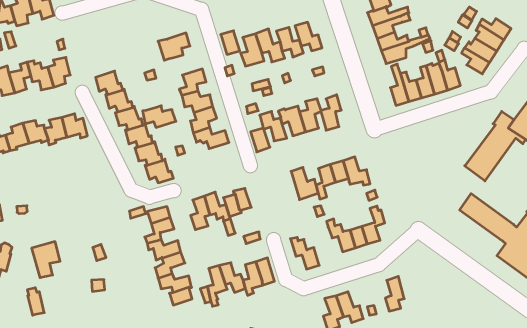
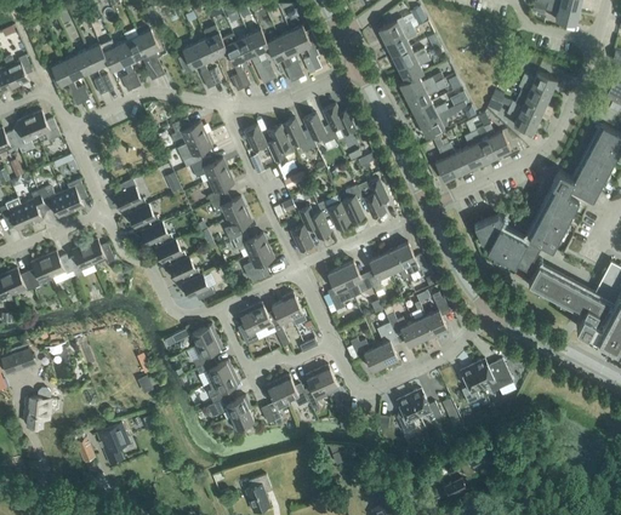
building: none -> [171,118,206,144]
building: [143,106,176,127] -> [192,156,229,181]
building: none -> [243,246,275,279]
building: none -> [474,214,541,270]
building: none -> [327,268,354,310]
building: none -> [377,322,398,365]
building: [32,242,60,278] -> [97,423,130,464]
building: none -> [473,359,517,395]

